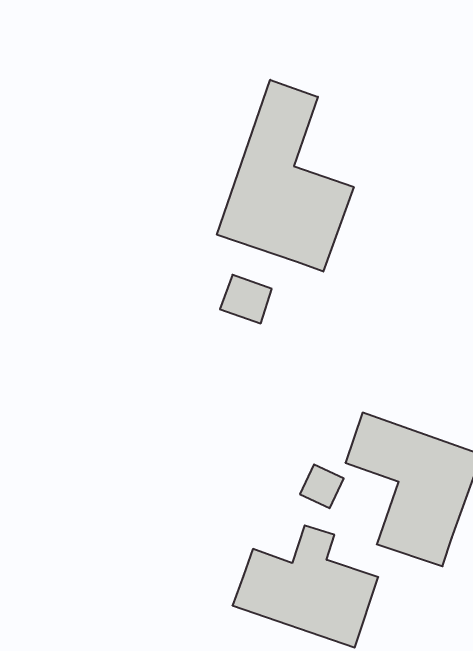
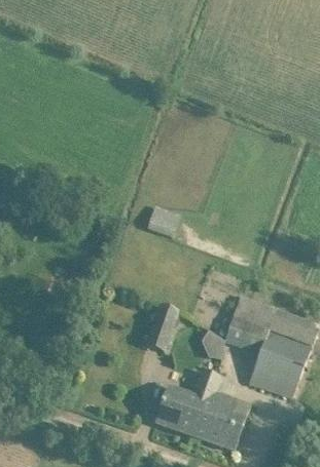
building: [217,80,354,272] -> none
building: none -> [145,304,178,351]

